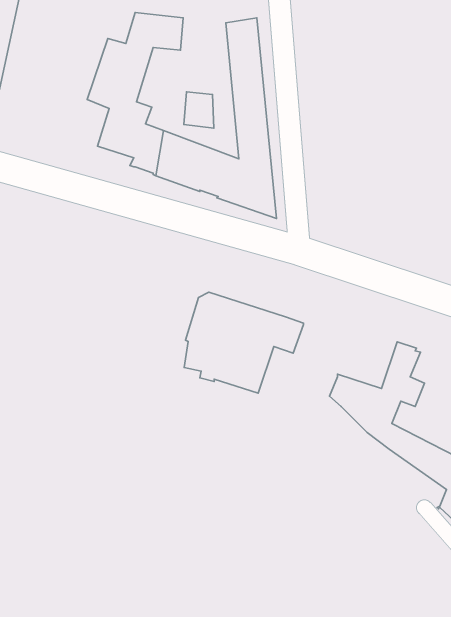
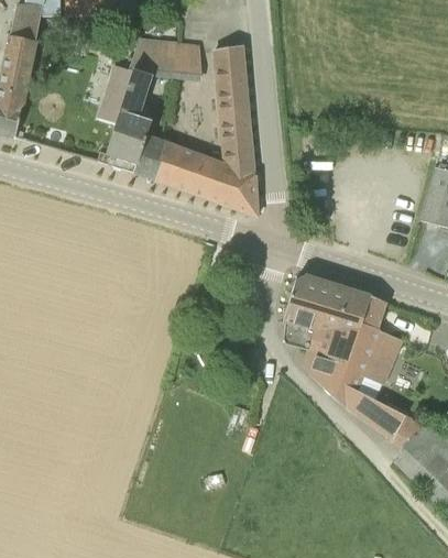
building: [184,92,214,128] -> [176,44,201,75]
building: [184,292,304,393] -> [284,273,385,359]

